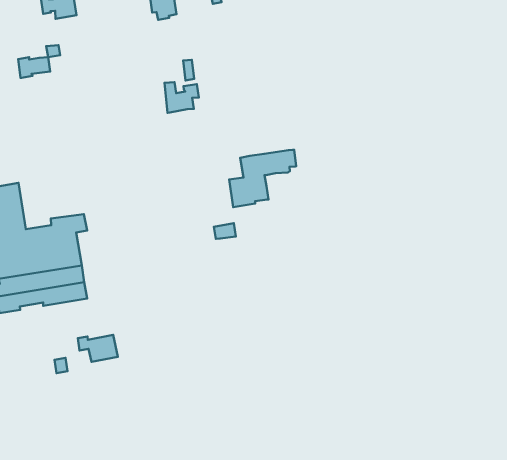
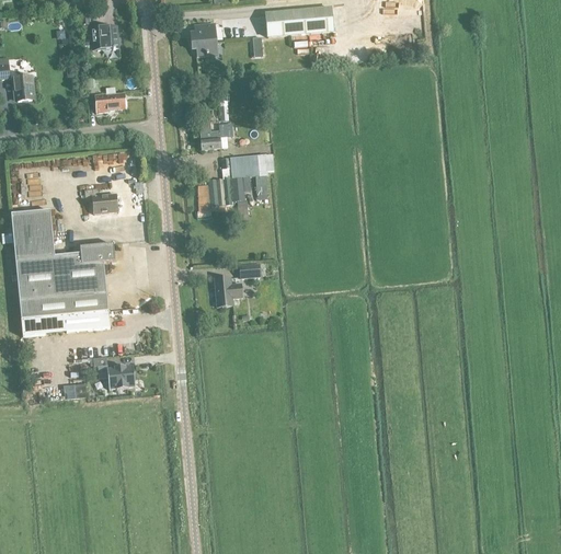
building: [18,57,50,78] -> [95,92,126,112]
building: [229,150,296,207] -> [209,153,276,206]
building: none -> [84,187,118,212]
building: none -> [215,276,240,305]

